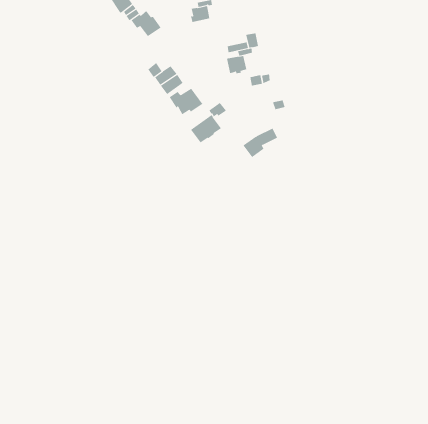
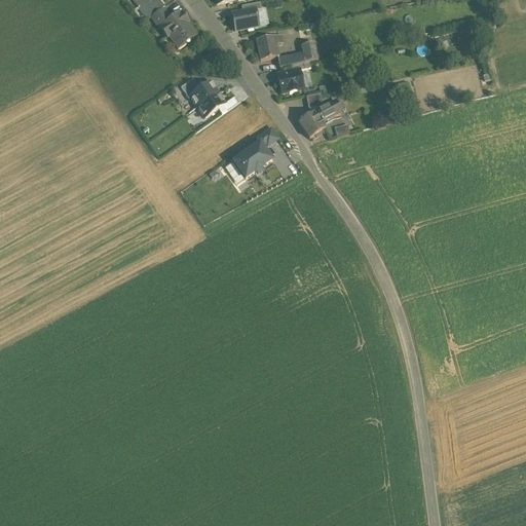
building: none -> [255,34,280,58]
building: [169,88,203,115] -> none
building: [243,128,278,158] -> [298,100,341,137]

